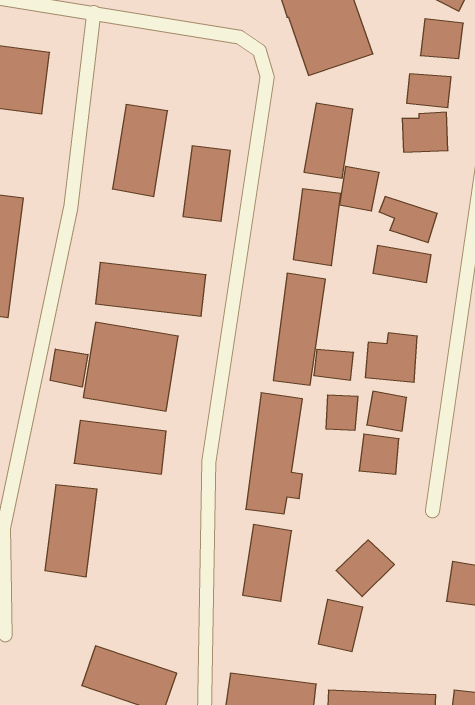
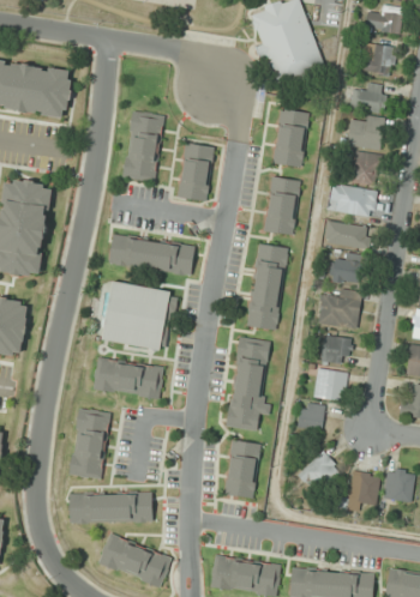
building: [339,166,379,211] -> [350,151,382,186]
building: [50,349,88,387] -> none
building: [314,349,354,380] -> [331,260,362,284]
building: [326,395,358,430] -> [299,403,324,430]
building: none -> [68,493,152,524]
building: [318,599,363,652] -> [347,470,382,511]

